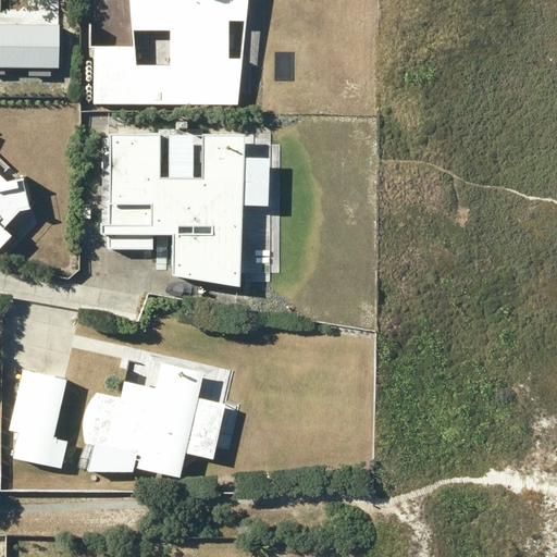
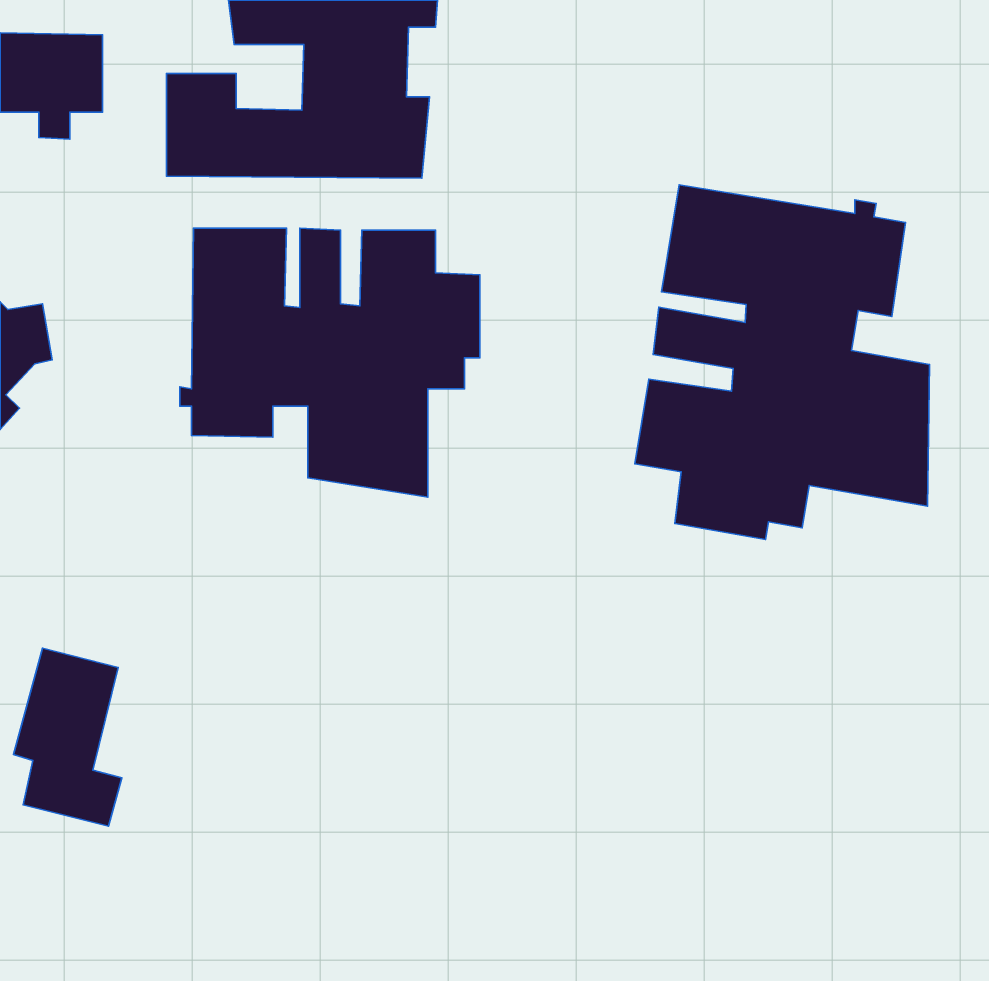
building: none -> [635,185,929,540]
building: [82,362,225,478] -> none

